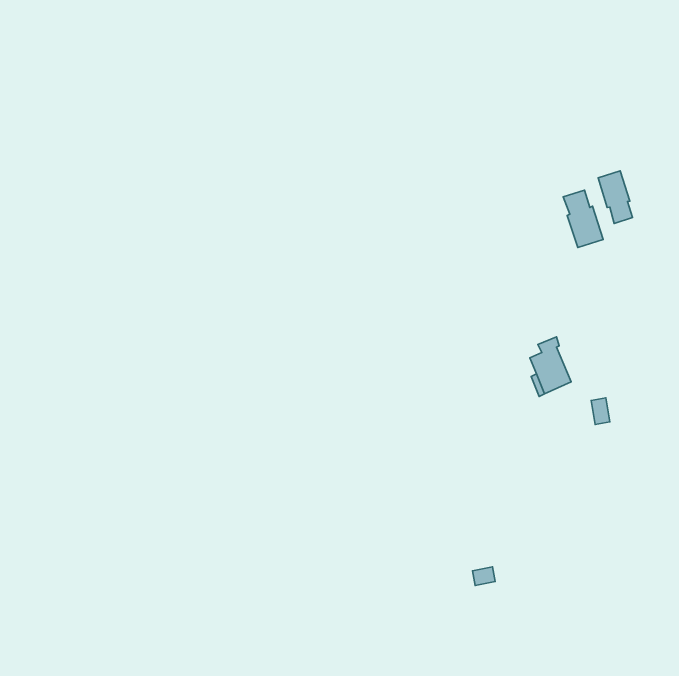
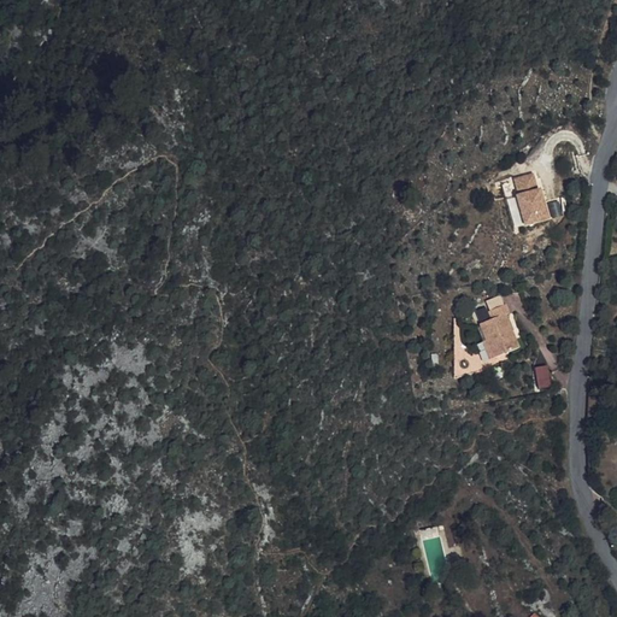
building: [598,171,633,223] -> none

